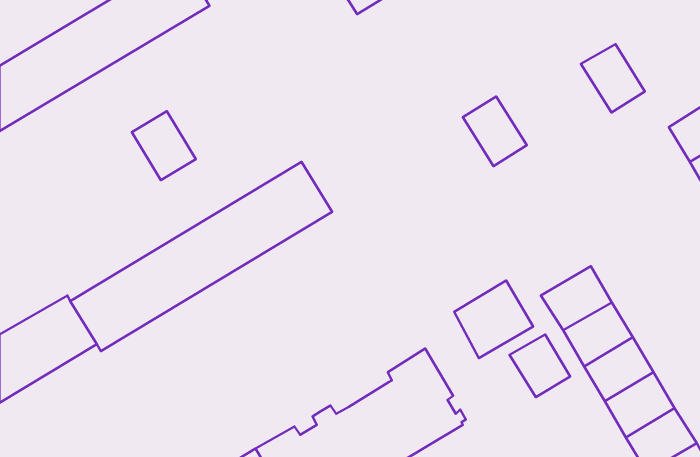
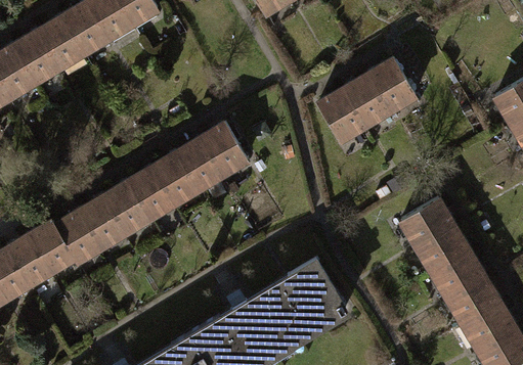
building: [581,44,645,112] -> [367,61,415,111]
building: [132,111,196,180] -> none
building: none -> [318,91,365,142]
building: [454,281,533,358] -> none
building: [510,335,570,397] -> none

